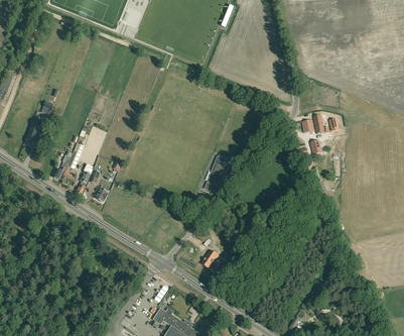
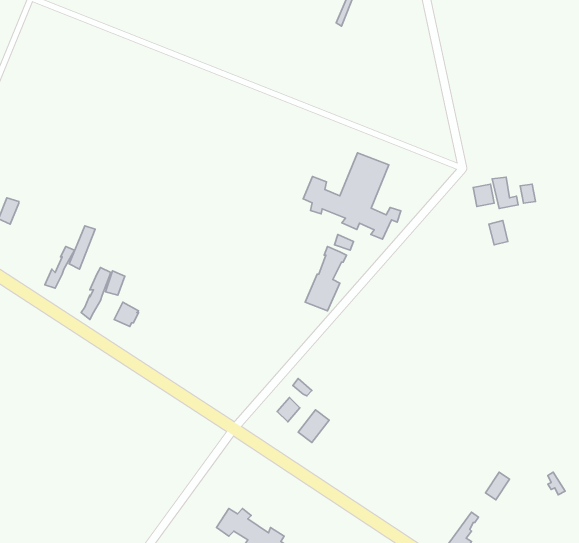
building: none -> [303,153,401,239]

